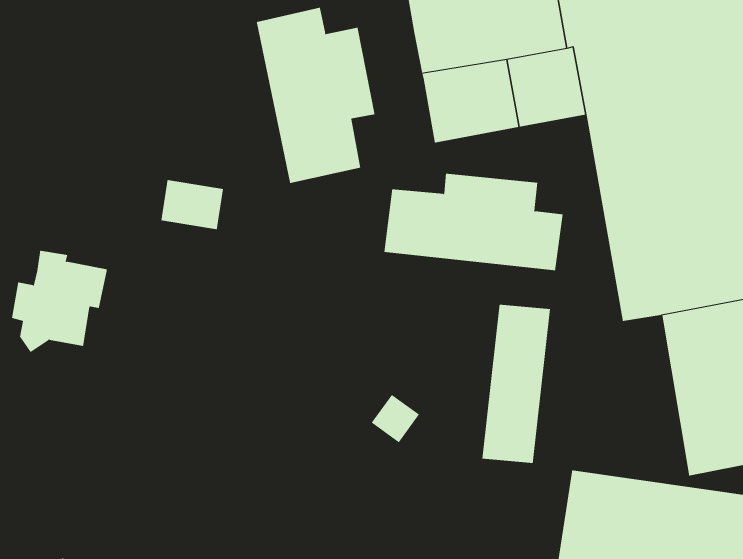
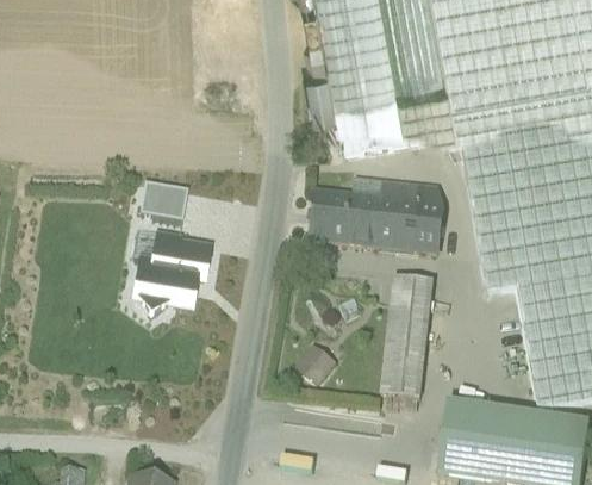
building: [256,7,375,184] -> none
building: none -> [309,75,336,113]
building: [11,250,108,353] -> [135,238,207,316]

